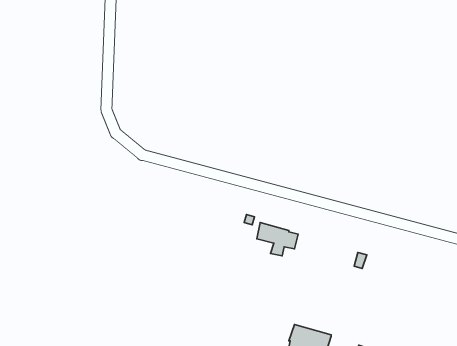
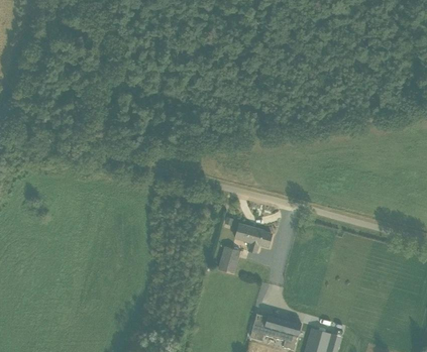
building: none -> [215,246,237,273]

